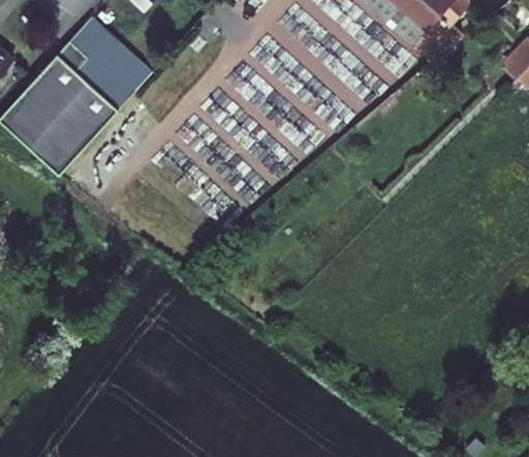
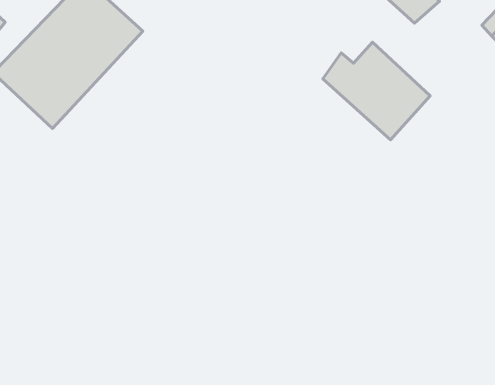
building: none -> [323,42,430,140]

